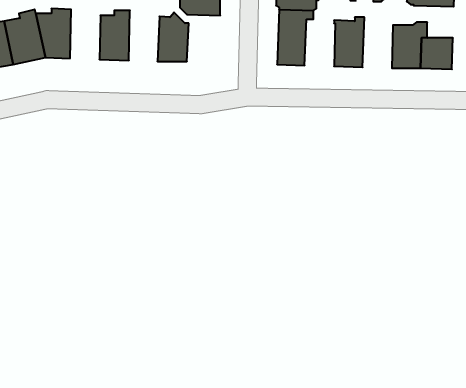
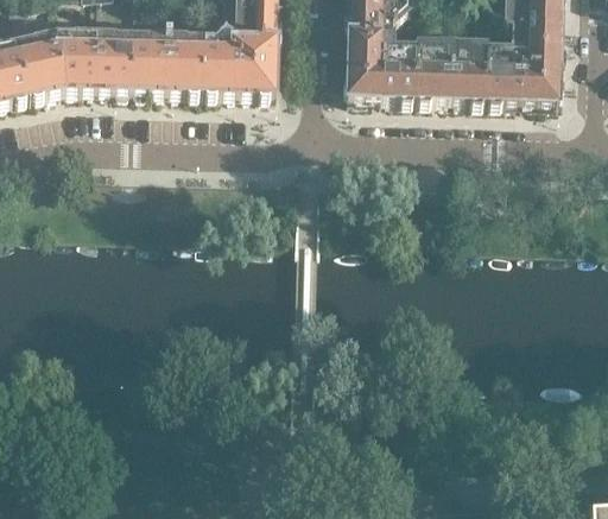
building: none -> [512,23,560,62]
building: none -> [222,25,278,91]
building: none -> [96,27,133,88]
building: none -> [167,29,204,90]
building: none -> [450,37,488,99]
building: none -> [380,39,417,96]

